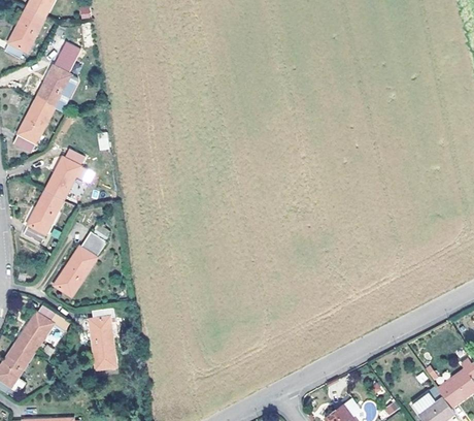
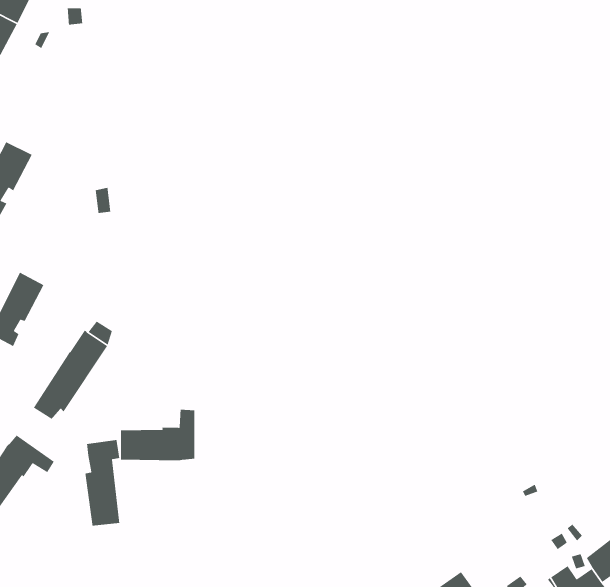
building: [35,51,78,112] -> none
building: [44,149,84,200] -> none
building: none -> [120,409,195,461]

